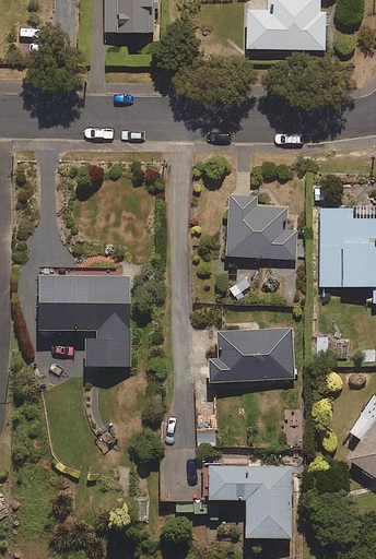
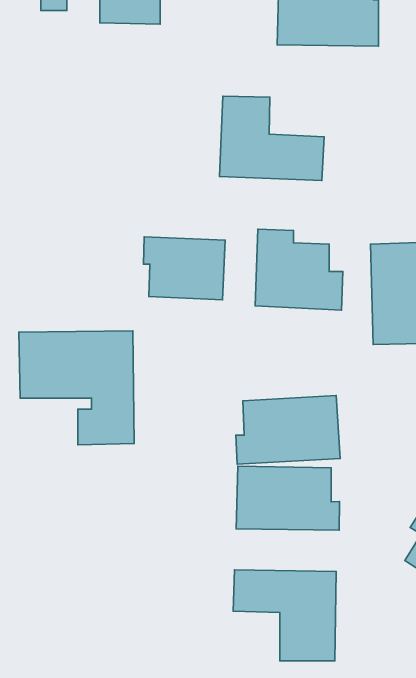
building: none -> [220,96,324,180]
building: none -> [143,237,225,300]
building: none -> [236,466,339,530]

